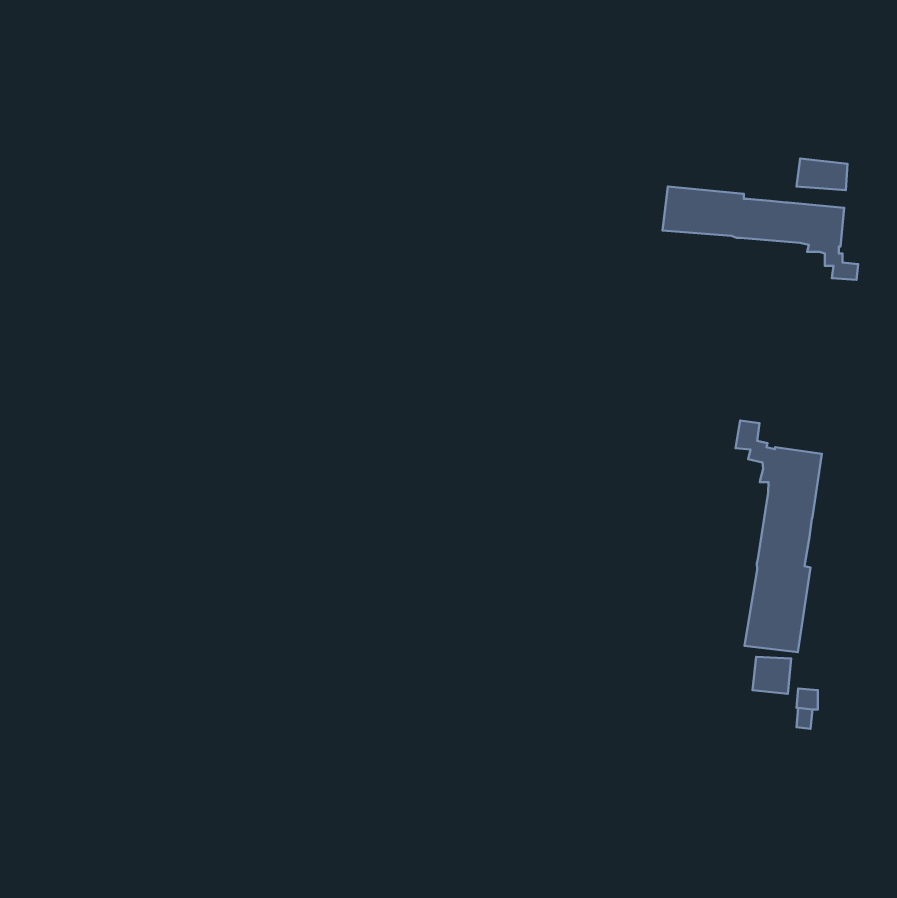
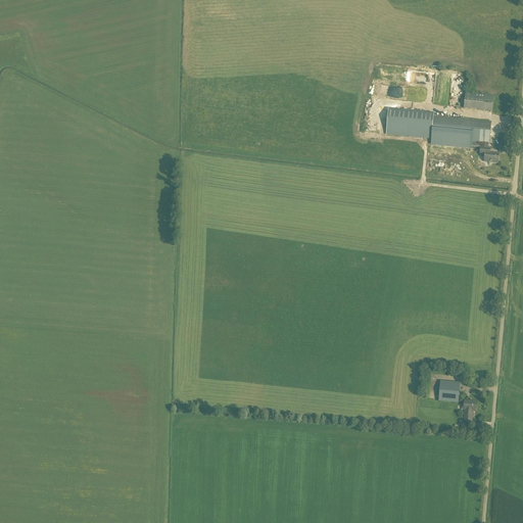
building: [735,421,822,652] -> none

